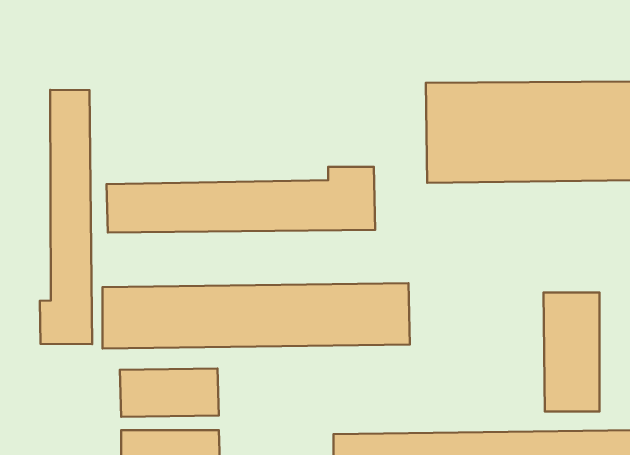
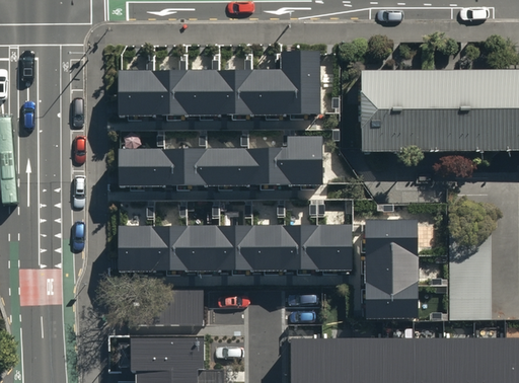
building: none -> [118,52,321,117]
building: [40,90,92,344] -> none
building: none -> [363,223,415,321]

